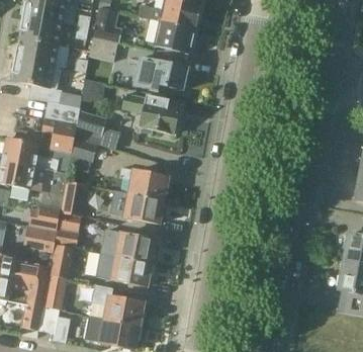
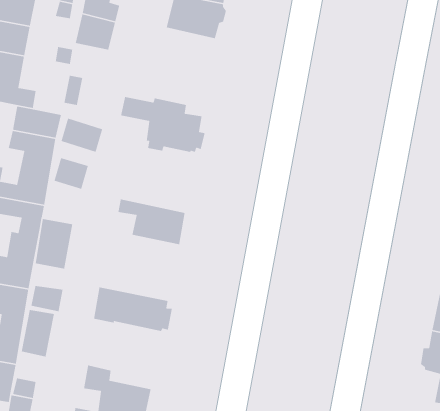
building: [134,58,192,91] -> none
building: [112,193,164,224] -> none
building: [97,255,151,286] -> none

